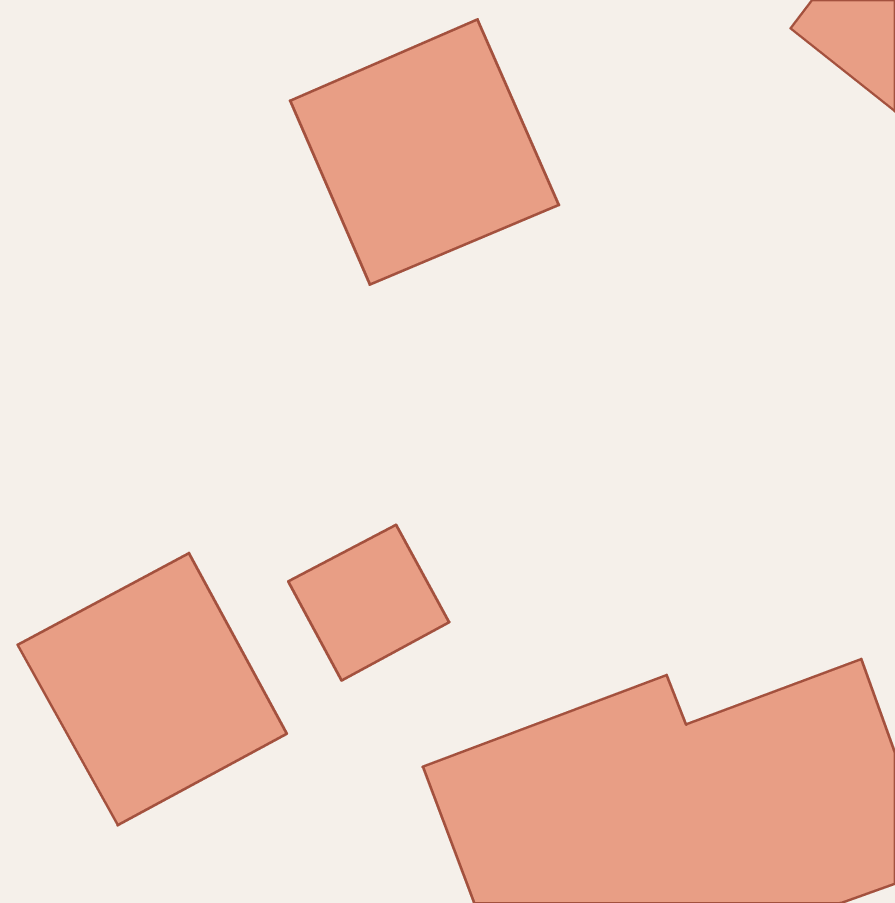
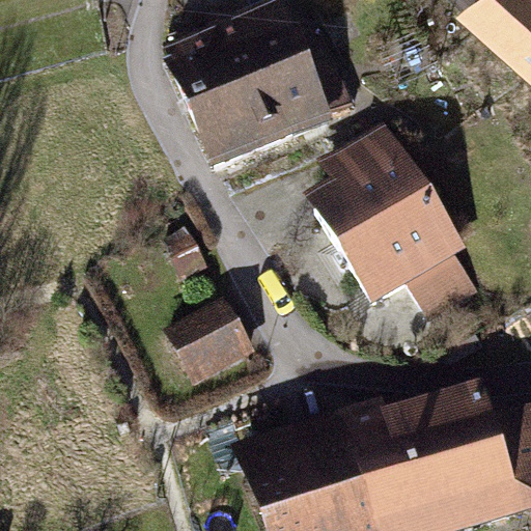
building: none -> [322,133,483,333]
building: [18,553,287,825] -> none

